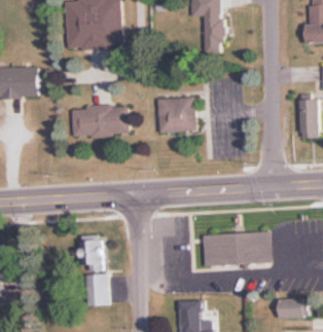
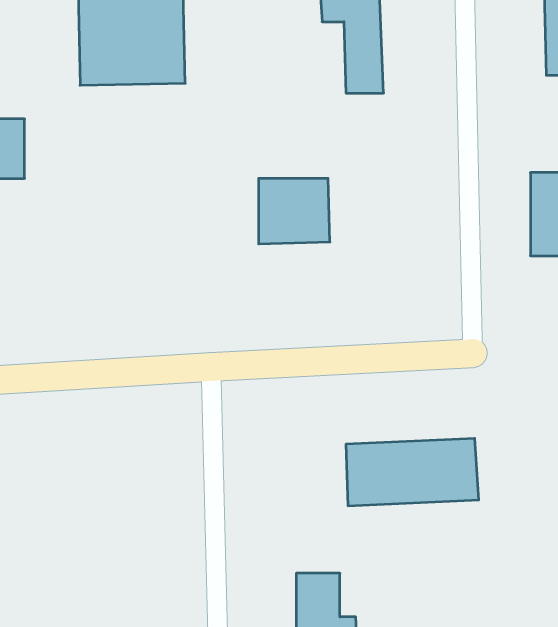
building: [71,104,128,136] -> none
building: [80,235,106,305] -> none
building: [278,298,309,318] -> none

